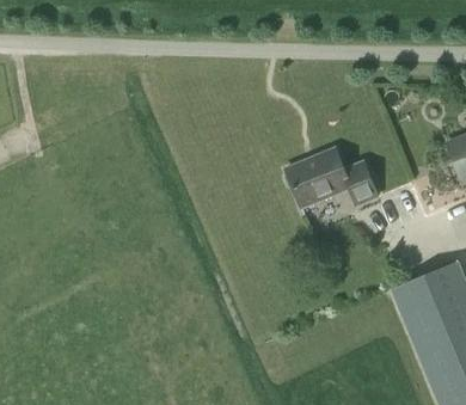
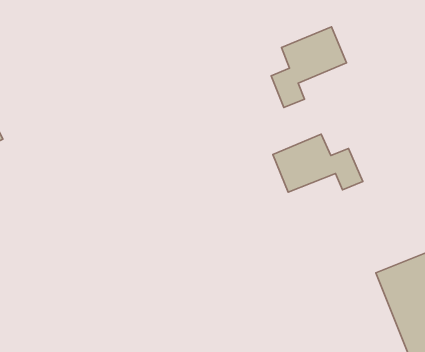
building: none -> [271,27,347,108]

